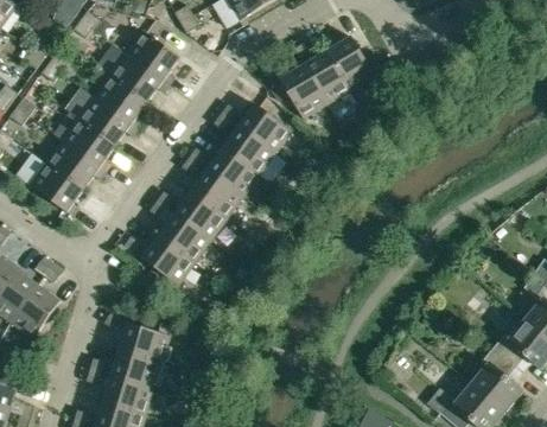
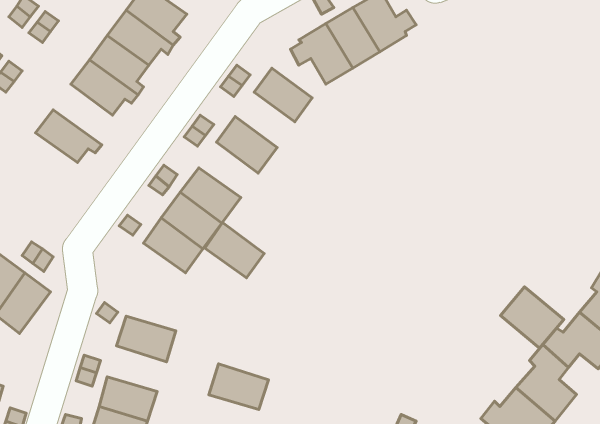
building: [62,117,114,171] -> none
building: [222,125,274,173] -> none
building: [28,160,83,215] -> none
building: [190,168,242,217] -> [205,222,264,278]
building: none -> [500,287,564,348]
building: [109,348,161,388] -> [209,364,268,410]

